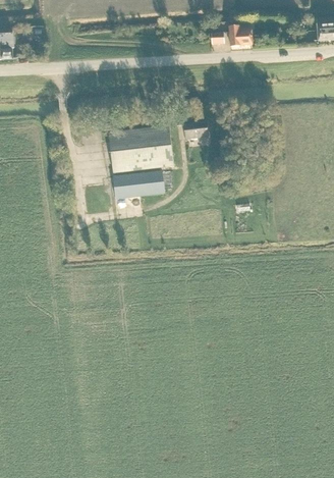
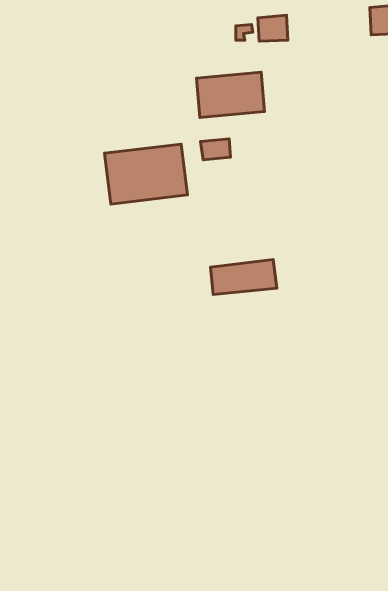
building: none -> [197,72,264,117]
building: [112,171,164,199] -> [211,259,277,295]

